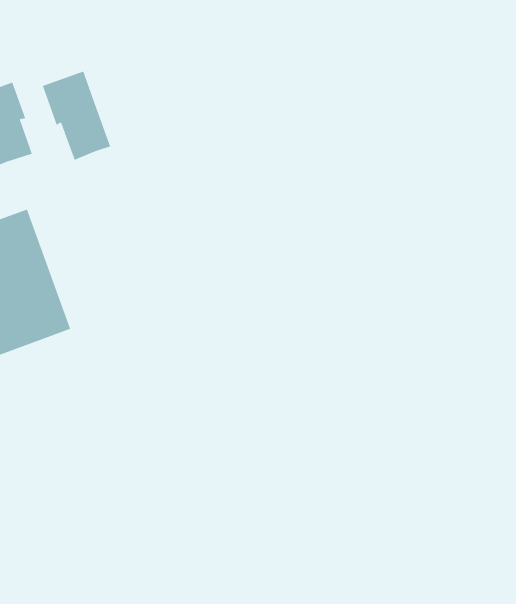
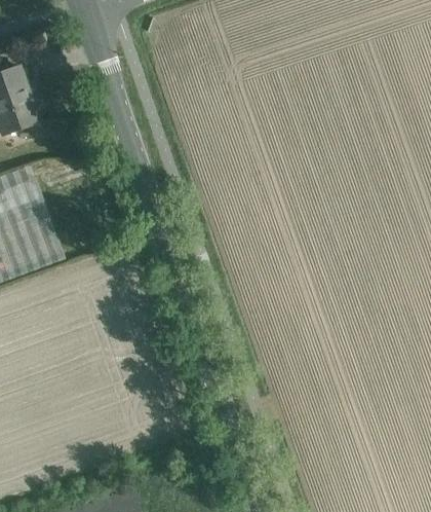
building: [42,70,111,161] -> none

